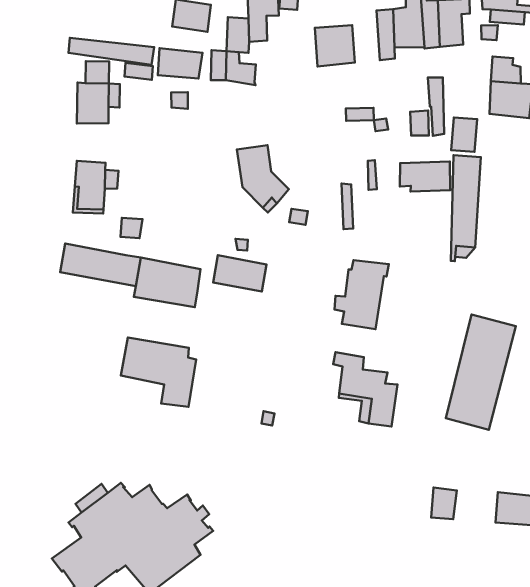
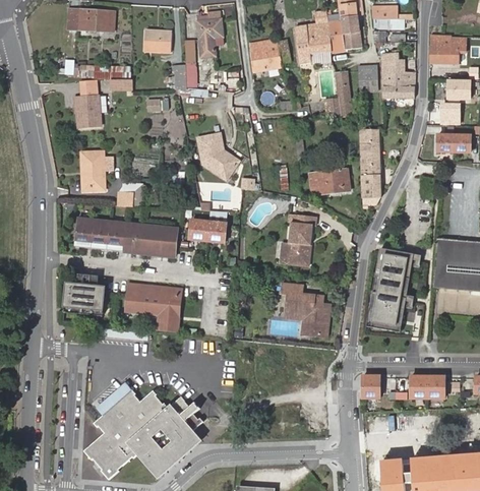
building: [158,48,203,78] -> none
building: [451,117,477,152] -> [359,65,376,89]
building: [400,161,450,191] -> [310,169,349,193]
building: none -> [64,283,105,310]

